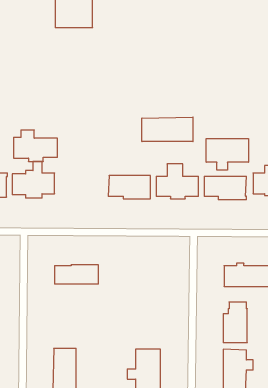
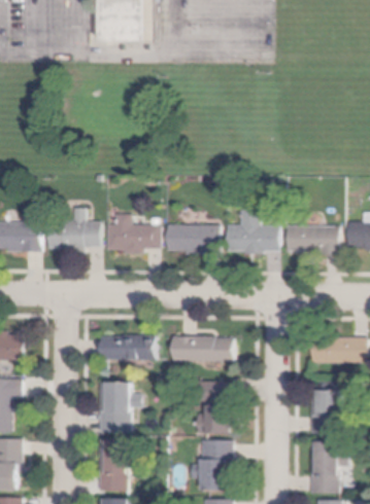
building: [142,117,193,142] -> none
building: [14,130,57,161] -> [106,214,161,253]
building: [206,139,248,170] -> none
building: none -> [171,335,233,360]
building: none -> [196,381,234,433]
building: none -> [99,382,141,432]

